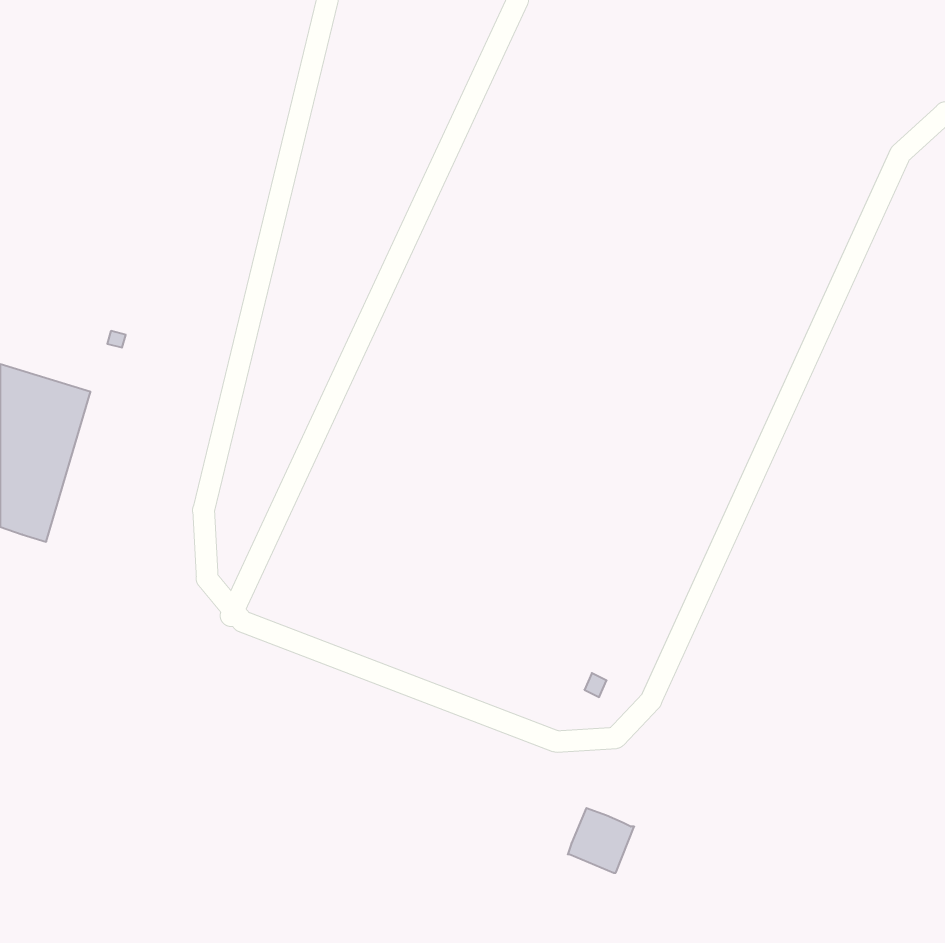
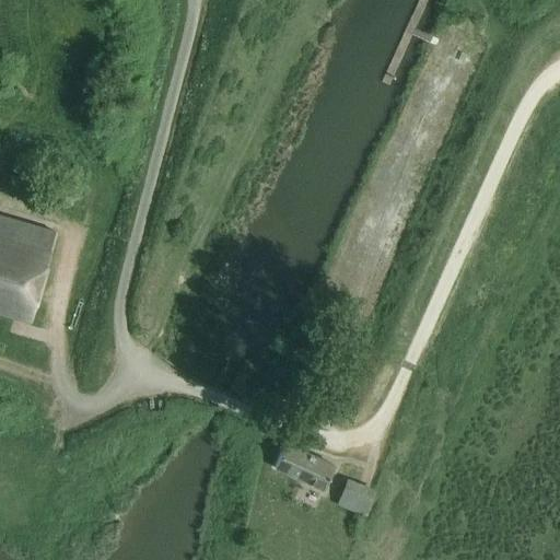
building: none -> [273,445,335,490]

